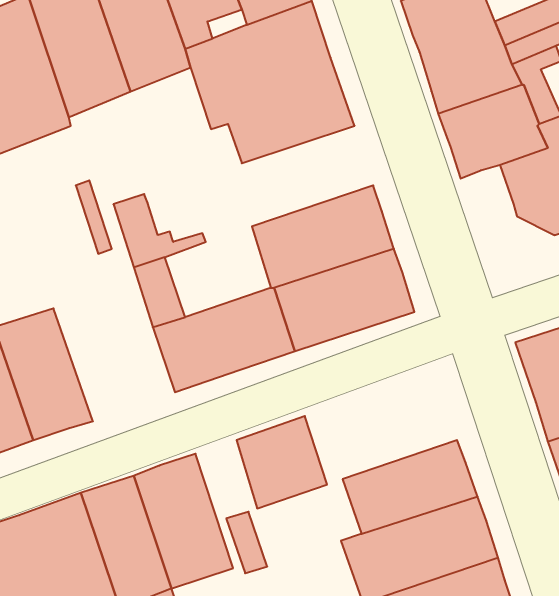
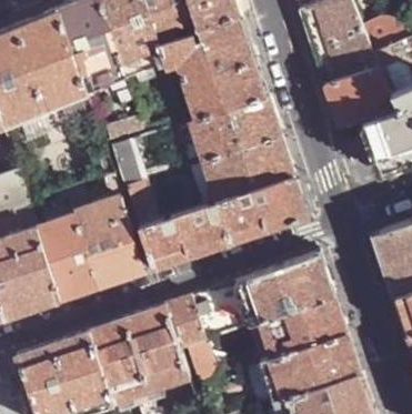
building: none -> [188,94,280,160]
building: none -> [72,198,142,286]
building: none -> [235,254,334,327]
building: none -> [170,299,204,350]

